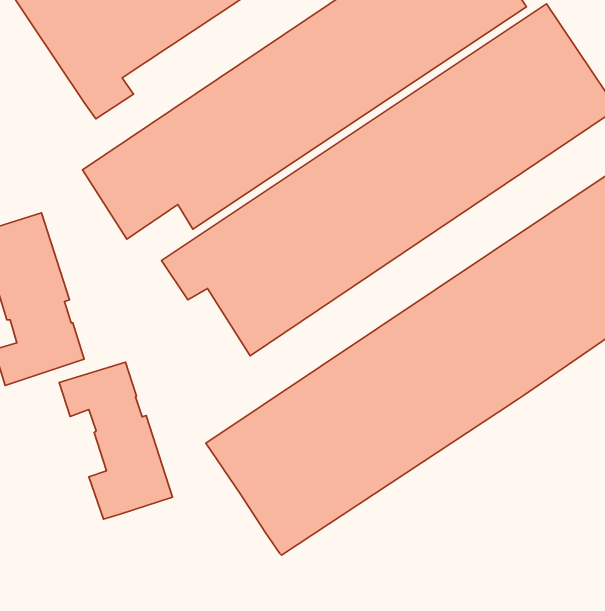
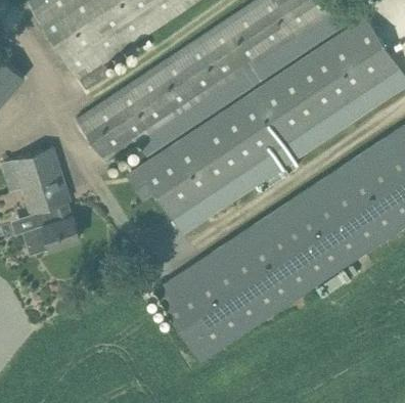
building: [59,362,172,519] -> none

